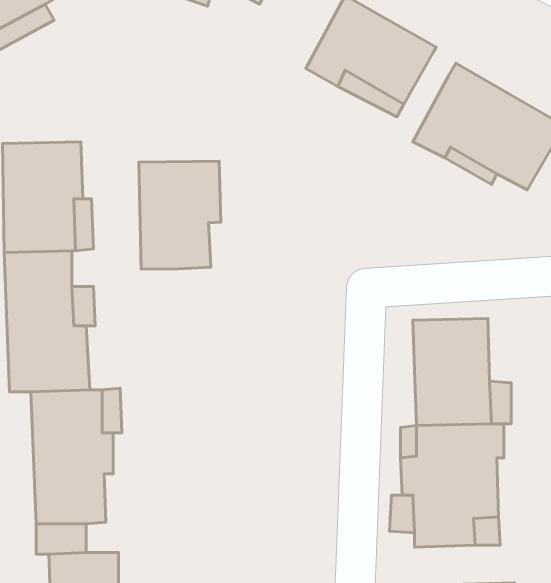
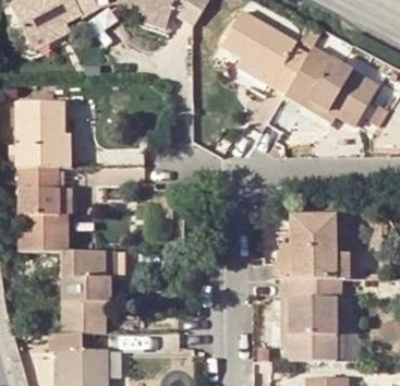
building: [139,161,221,269] -> none

